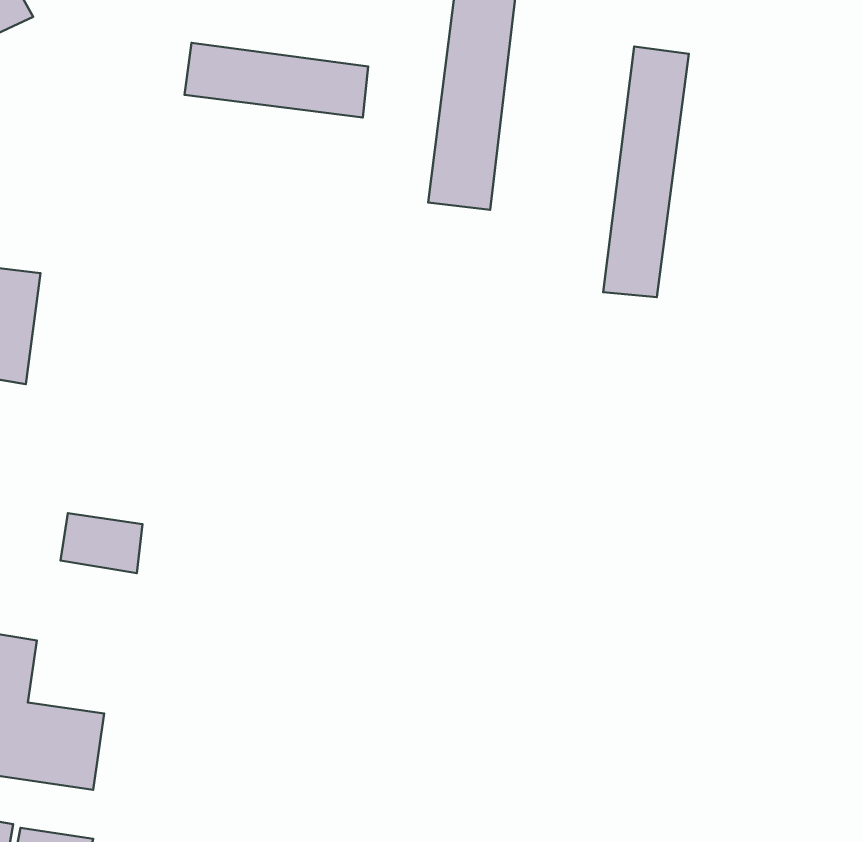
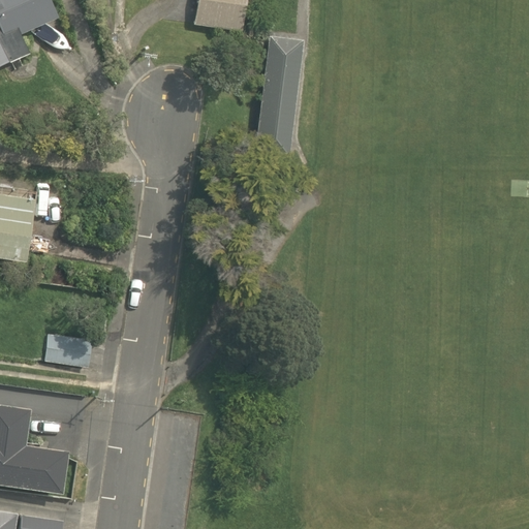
building: [185,43,368,117] -> none
building: [603,46,689,297] -> none

